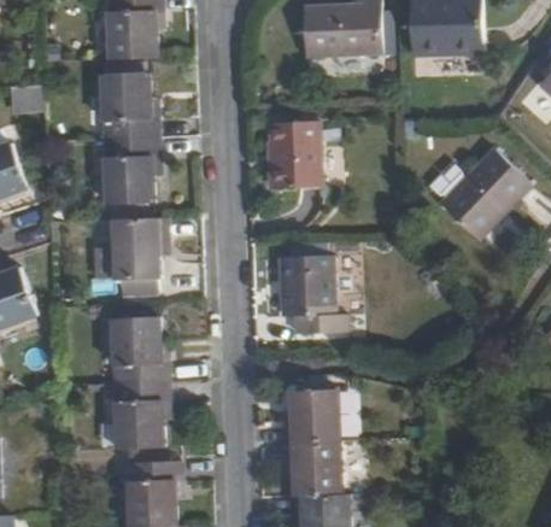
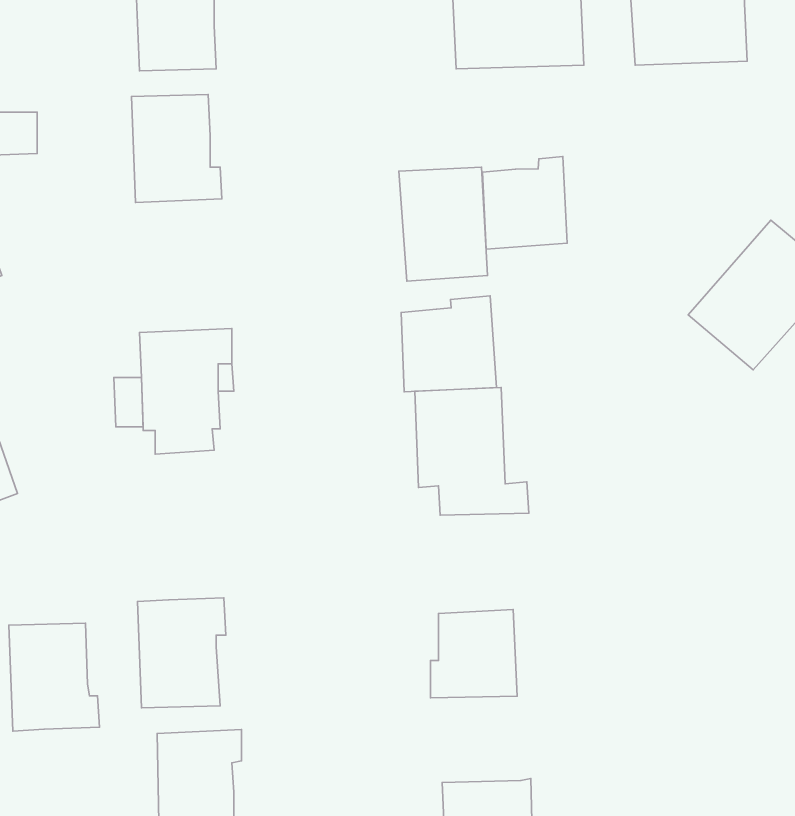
building: none -> [483,156,567,249]
building: [107,137,160,206] -> none
building: none -> [401,296,496,392]
building: [106,318,162,385] -> [9,623,99,731]
building: [288,443,344,496] -> none

